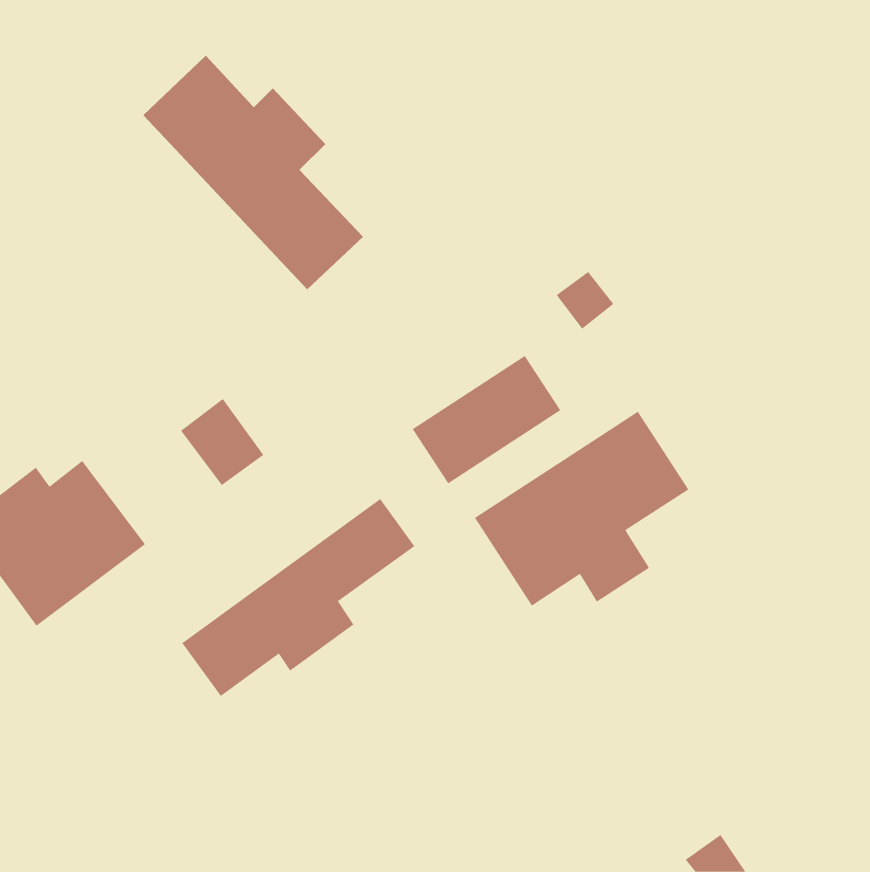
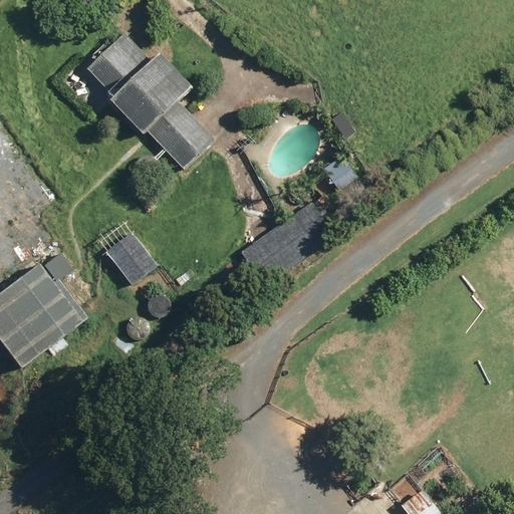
building: [474,411,689,607] -> none
building: [182,498,415,697] -> none

